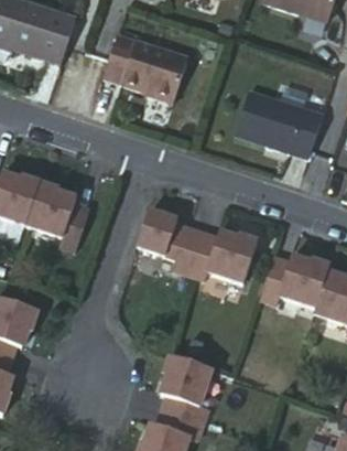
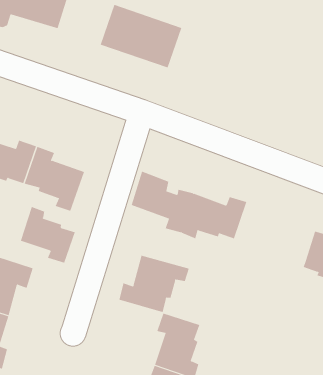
building: [236,88,323,155] -> none
building: none -> [20,206,76,264]
building: [261,256,329,303] -> none
building: none -> [119,255,190,313]

